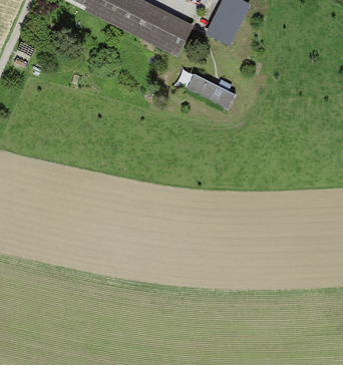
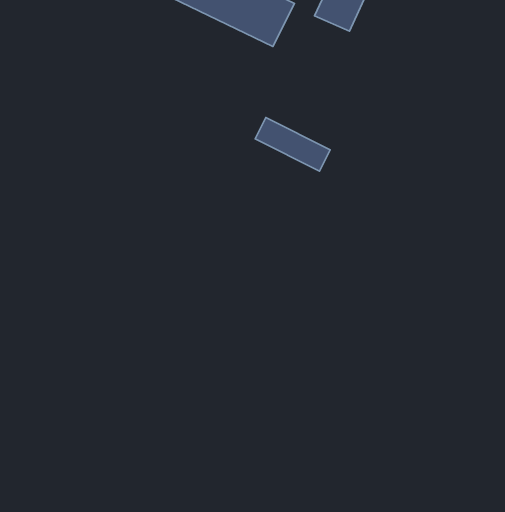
building: [186,73,235,108] -> [255,117,330,171]

